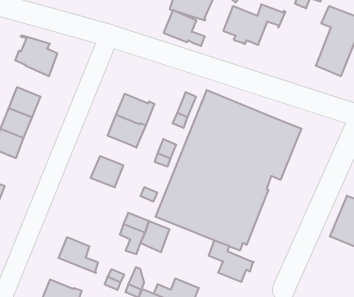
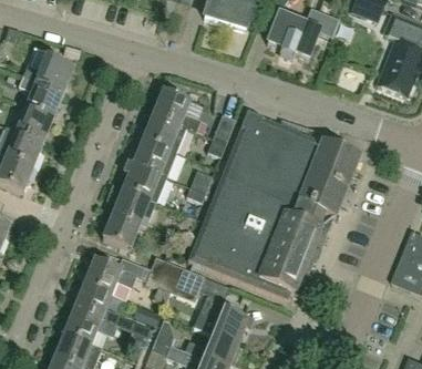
building: [164,10,205,46] -> [151,89,199,131]
building: none -> [18,75,62,119]
building: none -> [121,162,165,201]
building: none -> [102,214,140,248]
building: none -> [83,257,135,295]
building: [209,240,254,282] -> [199,295,253,344]
building: none -> [63,308,117,345]

